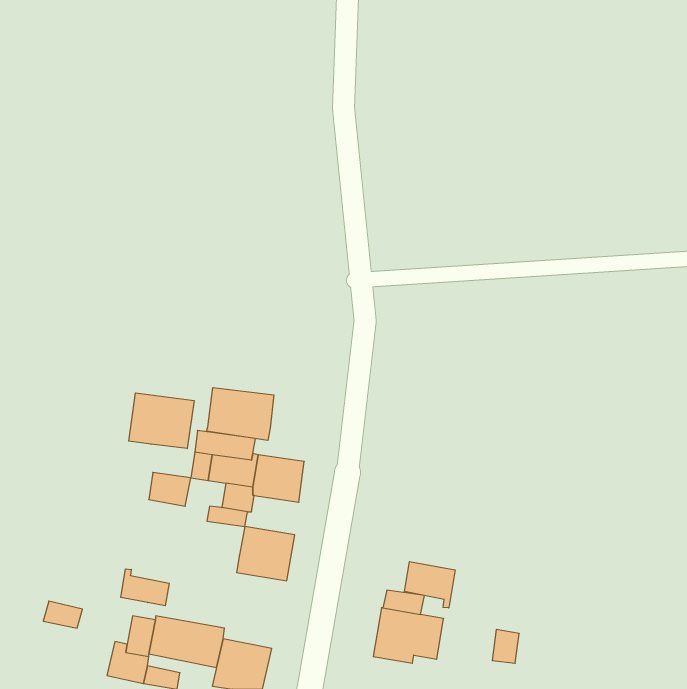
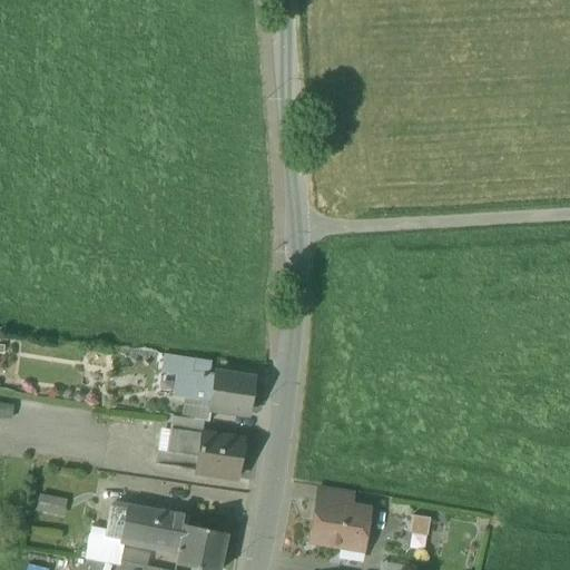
building: [206,388,274,440] -> none
building: [129,393,194,449] -> none
building: [149,472,191,506] -> [170,429,205,456]
building: [404,562,455,608] -> none
building: [121,569,169,606] -> none

